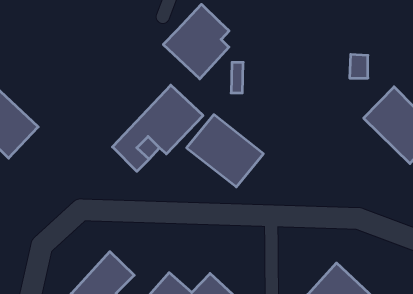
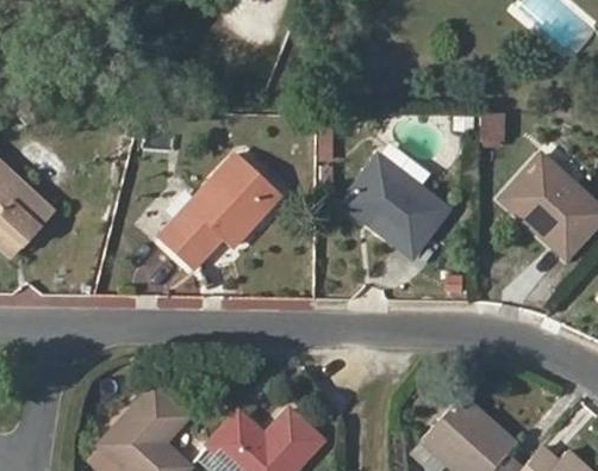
building: [163,4,229,79] -> none
building: [187,115,263,187] -> [343,155,448,254]

